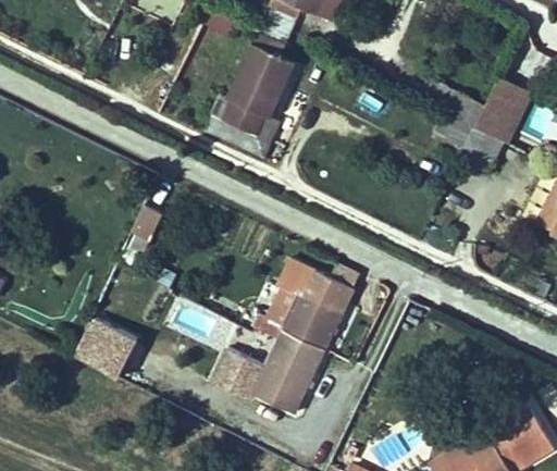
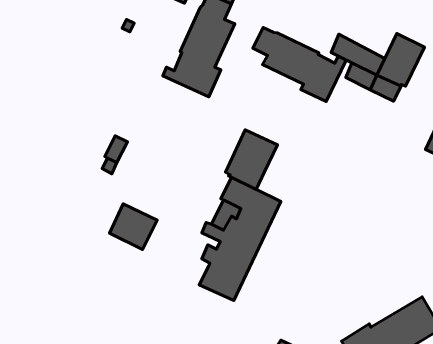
building: none -> [253,27,346,102]
building: none -> [225,130,277,189]
building: [75,320,135,377] -> [109,204,157,250]
building: [211,349,263,397] -> none

